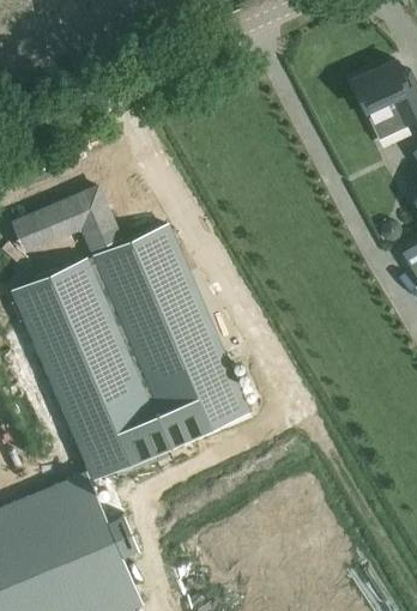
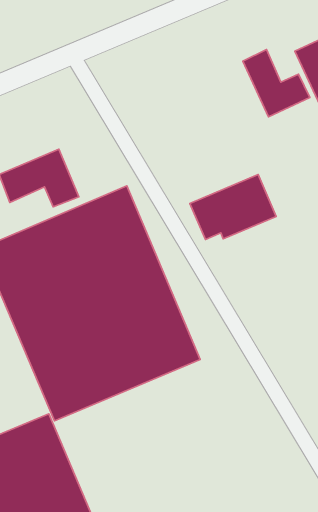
building: none -> [243,50,310,117]
building: none -> [190,174,276,239]

